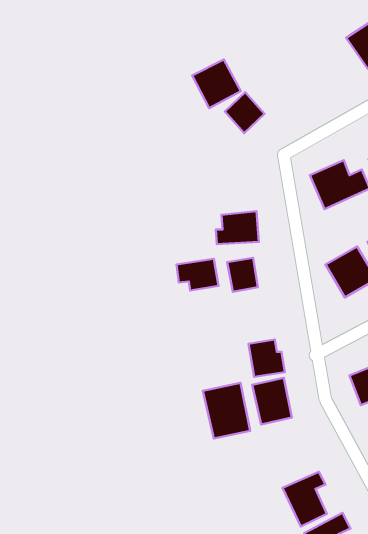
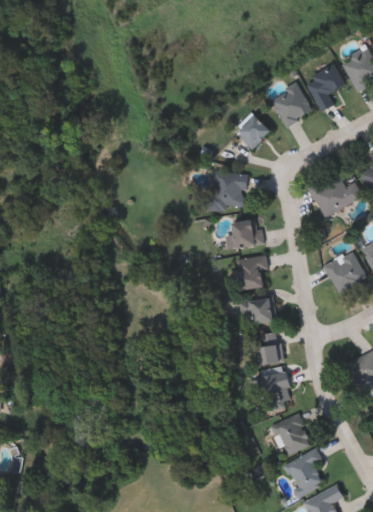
building: none -> [304,64,344,112]
building: [192,60,241,108] -> [269,84,312,127]
building: none -> [211,172,244,205]
building: [176,259,218,291] -> [239,295,276,323]
building: [203,383,250,438] -> none
building: none -> [273,413,313,455]

